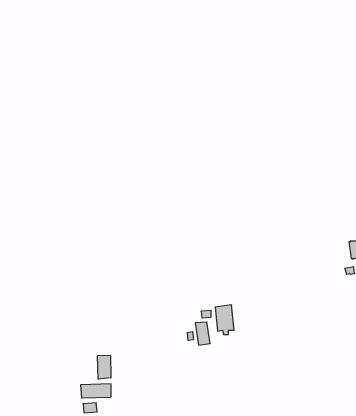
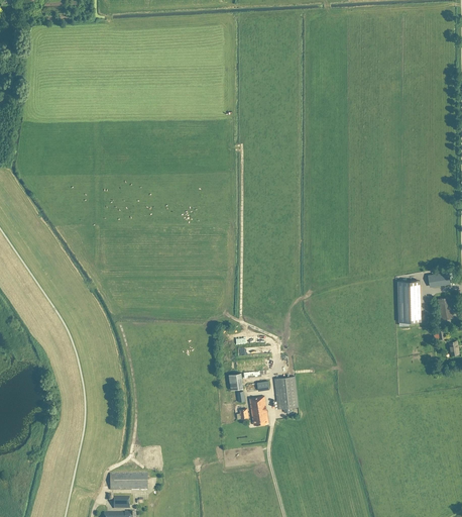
building: none -> [396,281,419,322]
building: [98,355,111,379] -> none

